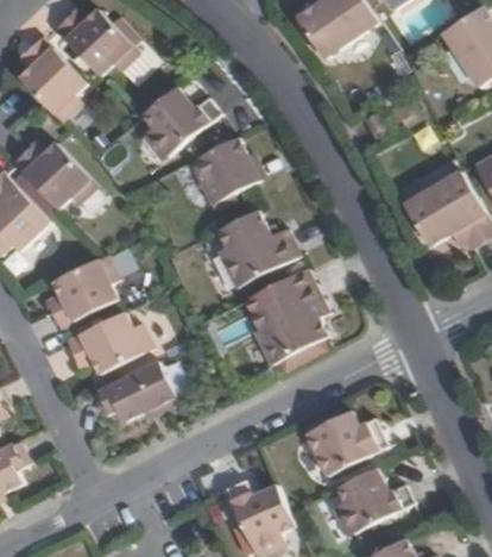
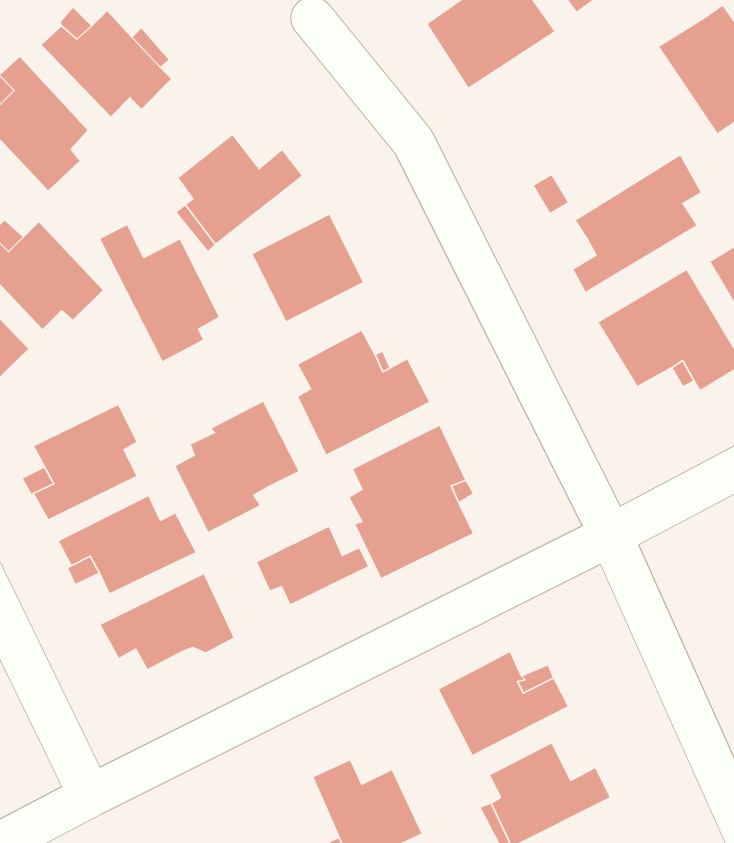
building: none -> [572,155,702,293]
building: none -> [99,224,220,362]
building: none -> [175,401,299,533]
building: none -> [256,526,369,605]

